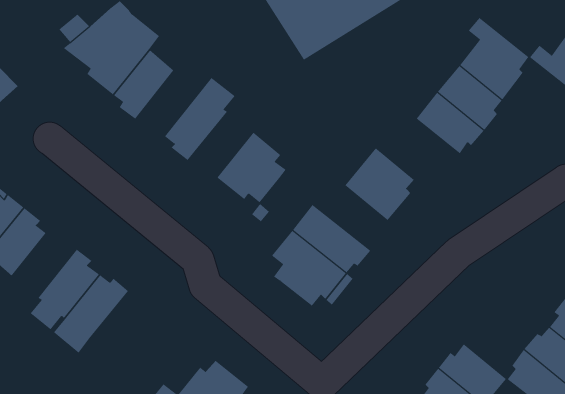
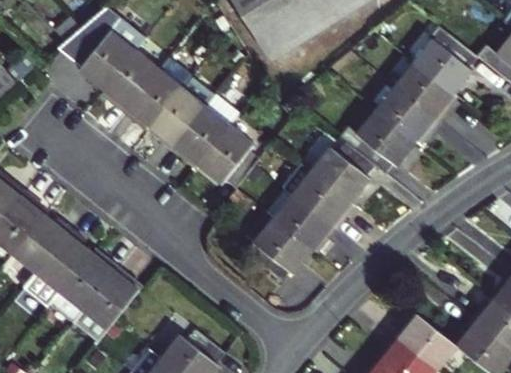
building: none -> [122,56,190,128]
building: none -> [169,94,237,165]
building: none -> [338,112,414,175]
building: none -> [281,165,349,231]
building: none -> [11,215,69,273]
building: none -> [74,267,137,342]

